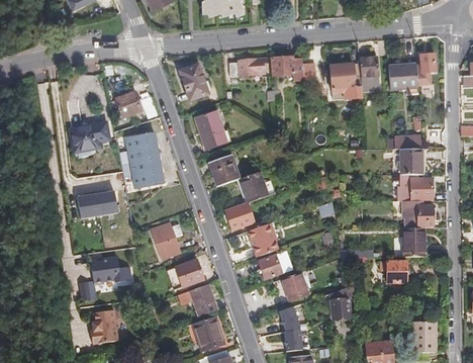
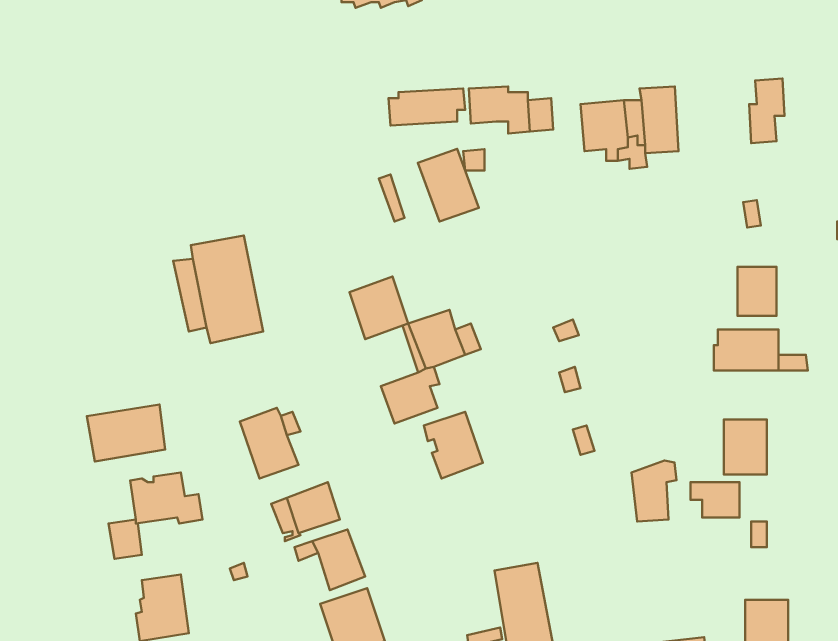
building: [179,64,207,100] -> none
building: [387,64,415,90] -> none
building: [116,92,143,119] -> none
building: [192,112,223,150] -> [418,149,479,222]
building: [72,123,110,154] -> none
building: [393,131,422,151] -> none
building: [79,189,119,218] -> [87,405,165,461]
building: [400,203,434,229] -> none
building: [257,252,291,279] -> none
building: [276,272,310,300] -> none
building: [328,289,352,321] -> [631,461,676,521]

